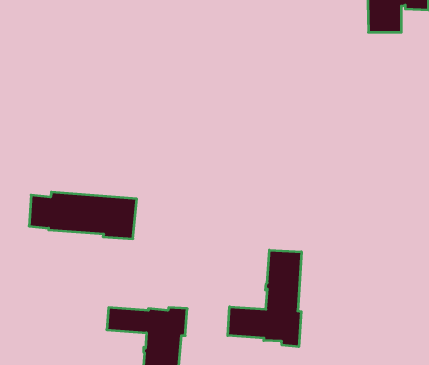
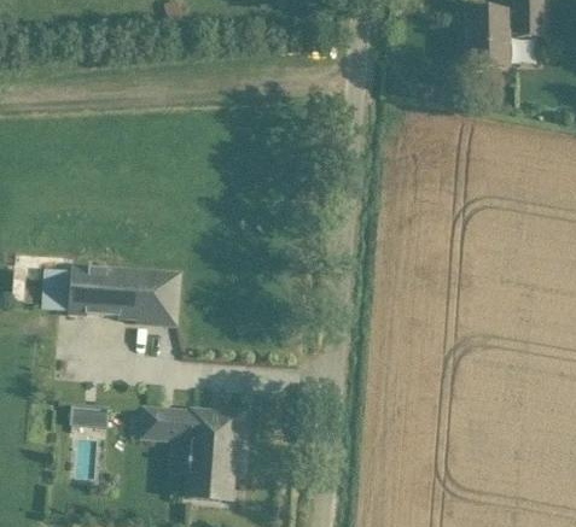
building: [228,250,301,347] -> none
building: none -> [69,405,107,427]

